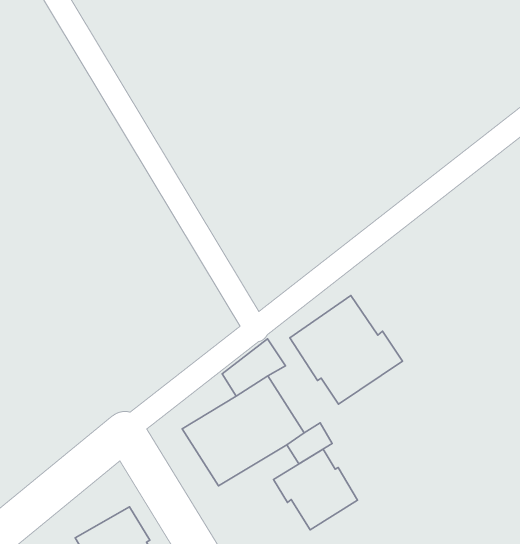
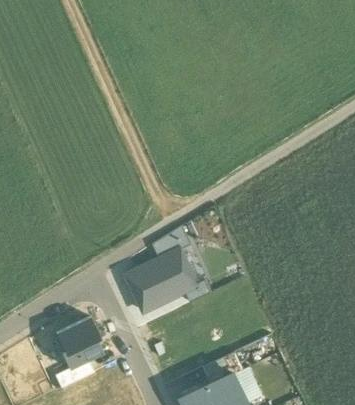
building: [290,296,402,404] -> none
building: [274,449,357,530] -> none

